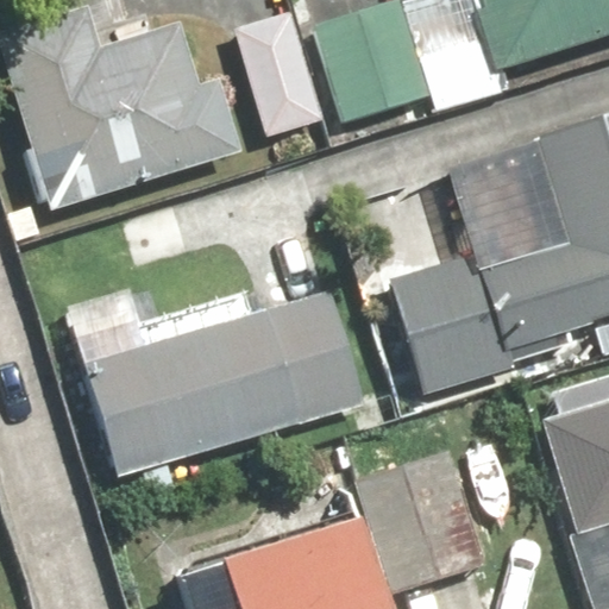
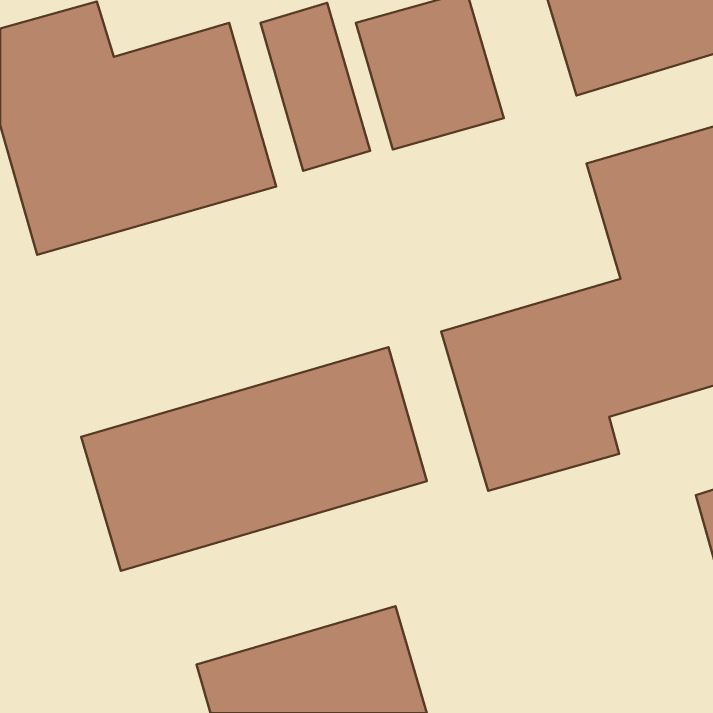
building: [352,447,489,591] -> none

